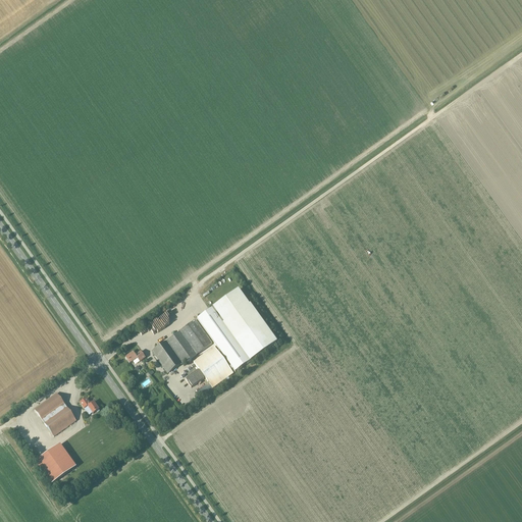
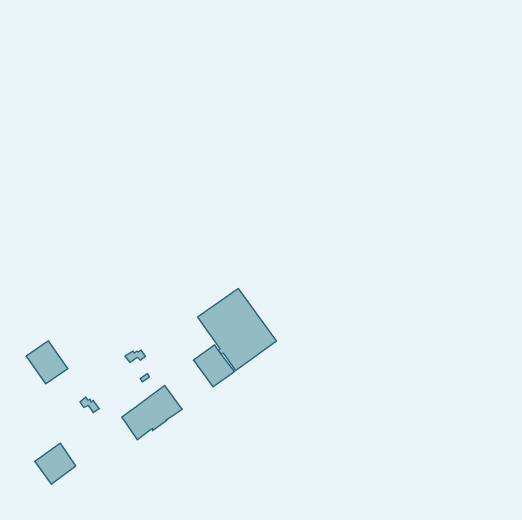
building: [153,317,213,371] -> [122,385,182,440]
building: [35,392,76,434] -> [26,341,68,384]

